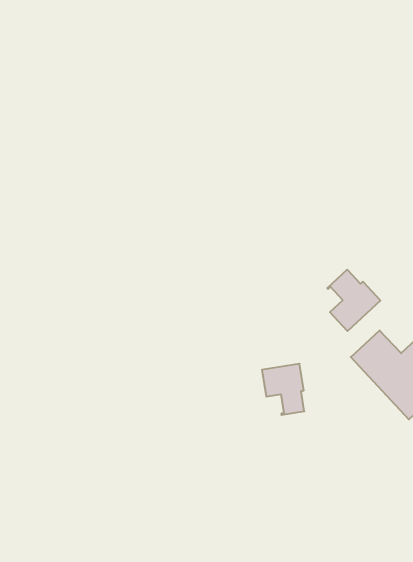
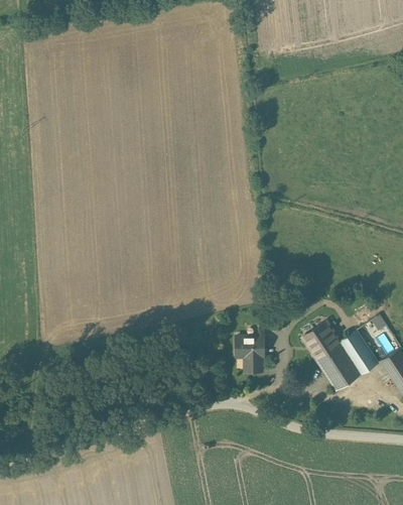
building: [327,270,380,331] -> none

